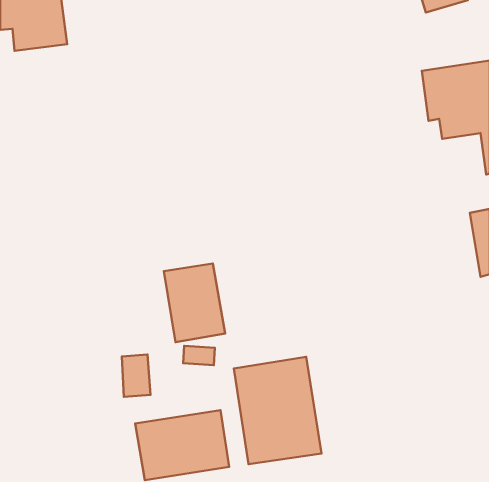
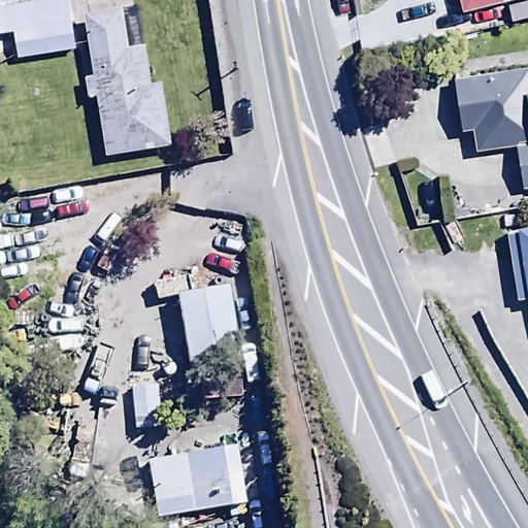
building: none -> [82,4,173,156]
building: [234,357,321,464] -> none

